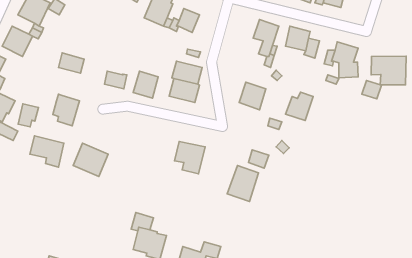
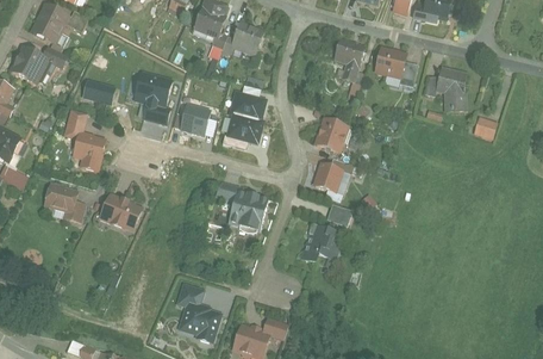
building: none -> [132,72,171,107]
building: [371,56,406,85] -> none
building: [286,92,313,121] -> [312,156,348,193]
building: [18,104,38,127] -> [63,111,89,141]

